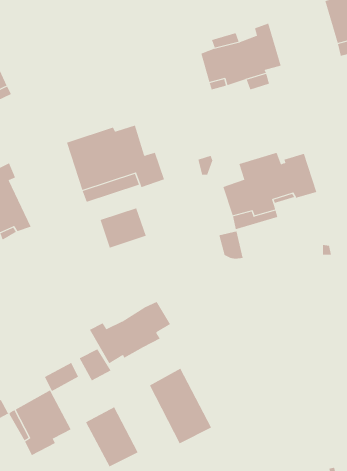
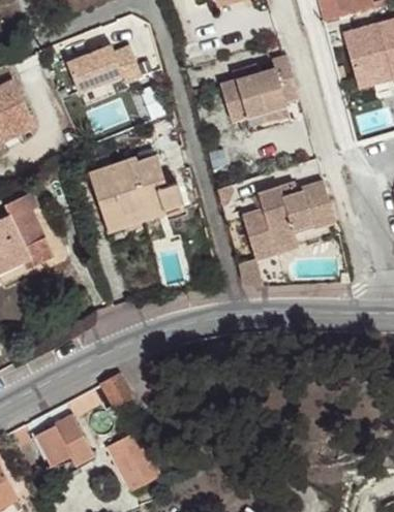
building: none -> [66,44,142,93]
building: [100,208,147,249] -> none
building: [89,301,171,364] -> none
building: [149,368,212,444] -> none

